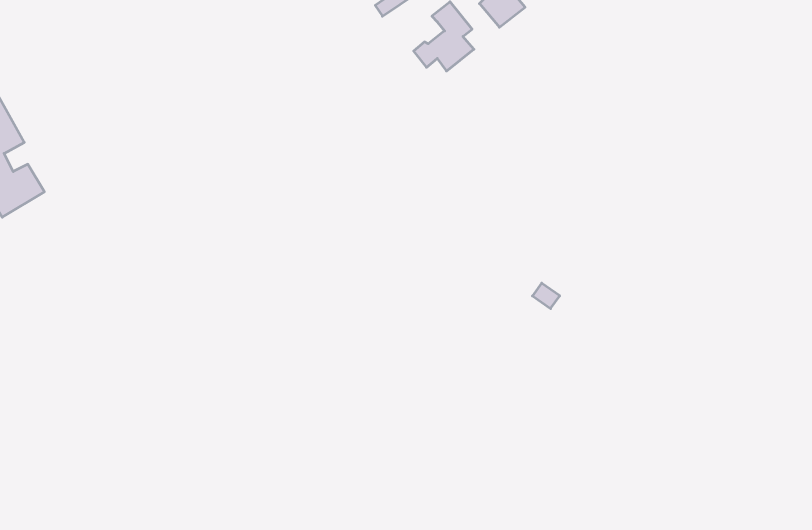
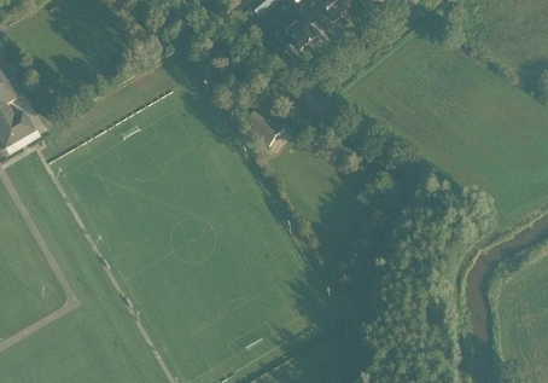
building: none -> [245,106,282,144]

